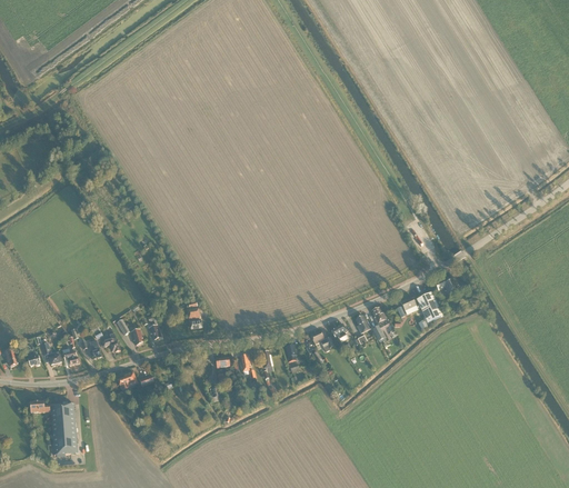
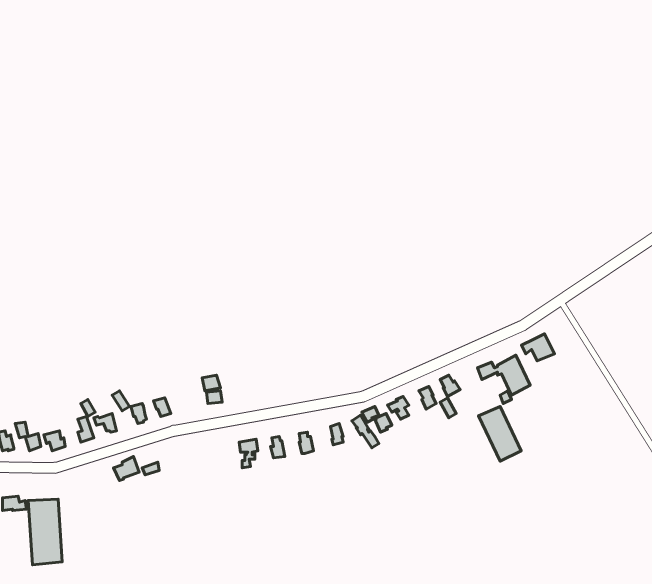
building: none -> [479,406,521,461]

